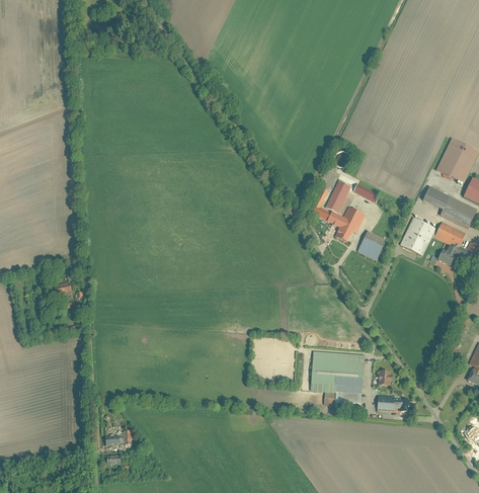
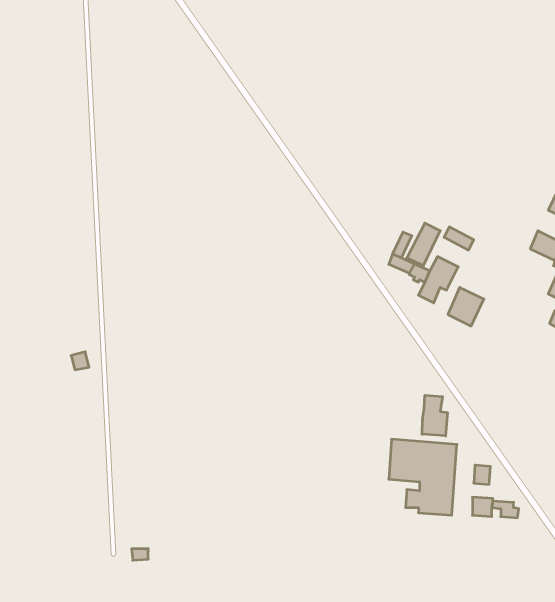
building: [400,218,435,255] -> none
building: none -> [422,395,447,436]

